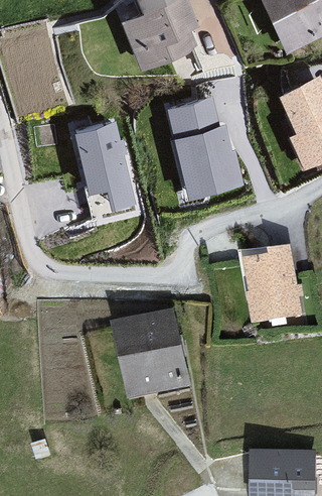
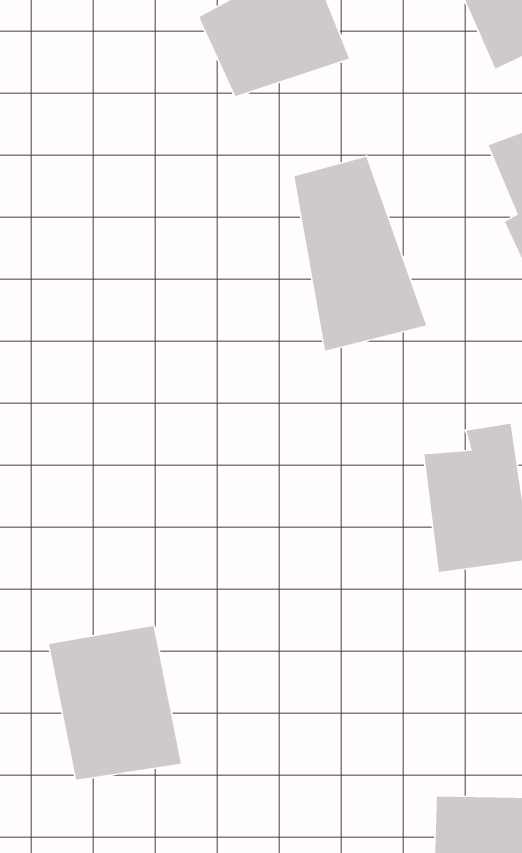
building: [72,120,141,227] -> none
building: [115,315,188,400] -> [48,625,182,781]

